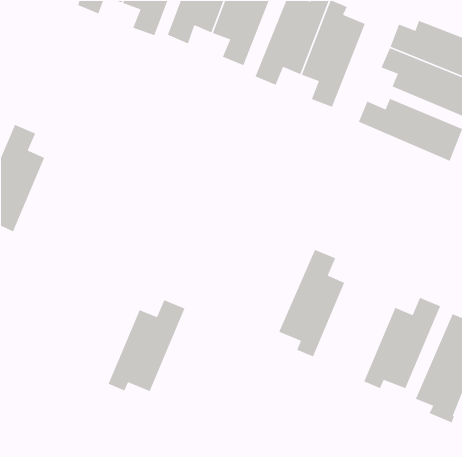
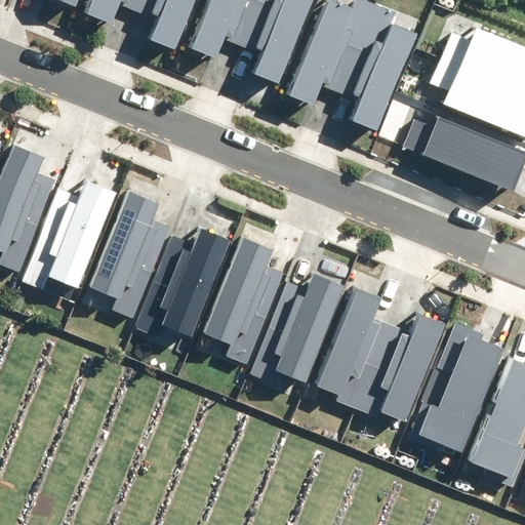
building: none -> [24,181,112,287]
building: none -> [91,192,167,315]
building: none -> [206,237,281,361]
building: none -> [254,275,342,380]
building: none -> [356,314,444,419]
building: [108,299,185,392] -> [139,231,228,336]

